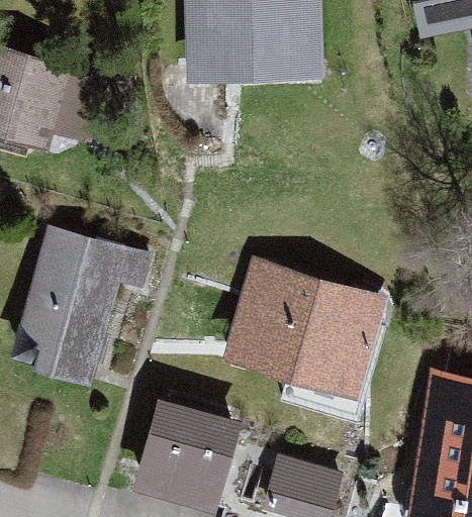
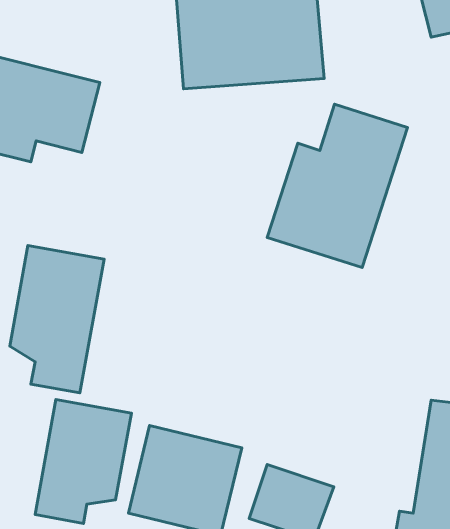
building: none -> [267,104,407,268]
building: [215,249,382,393] -> none
building: none -> [35,400,131,523]

